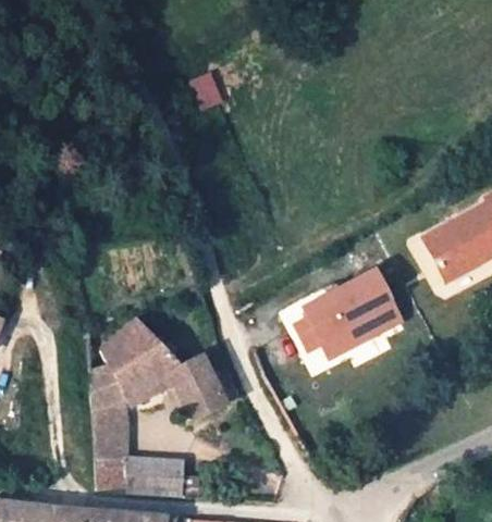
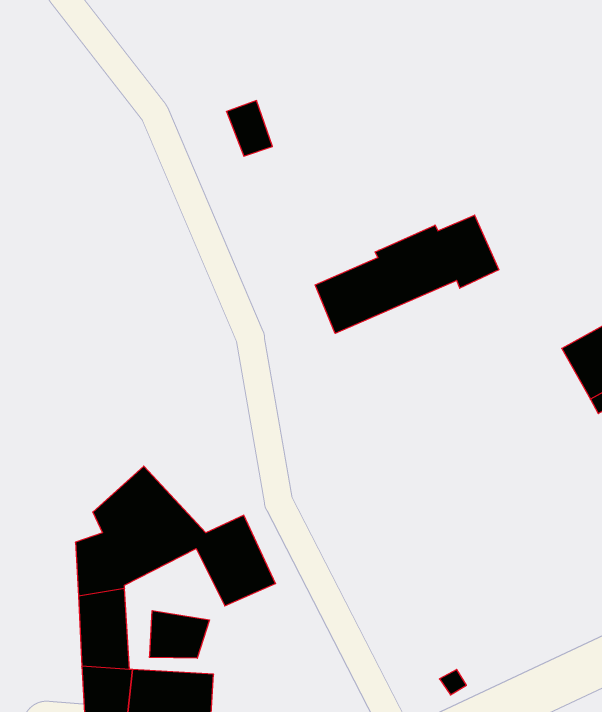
building: none -> [315,215,499,333]
building: [293,264,406,366] -> none
building: none -> [149,611,209,658]

